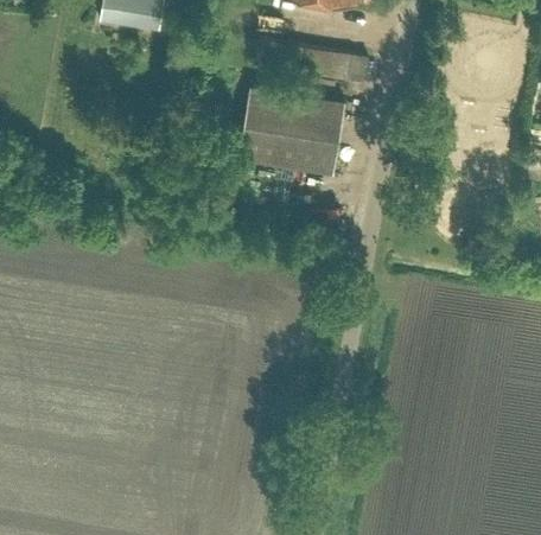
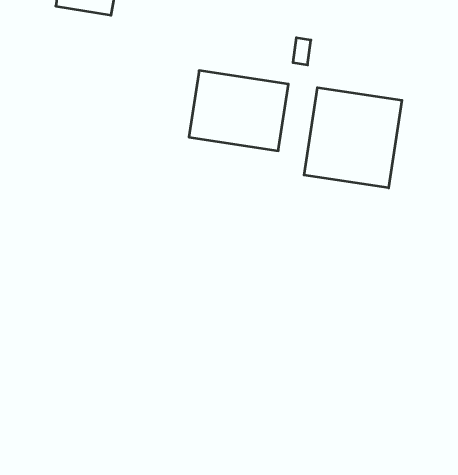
building: none -> [304,88,402,188]

